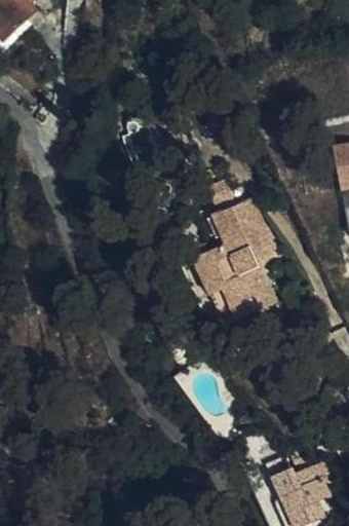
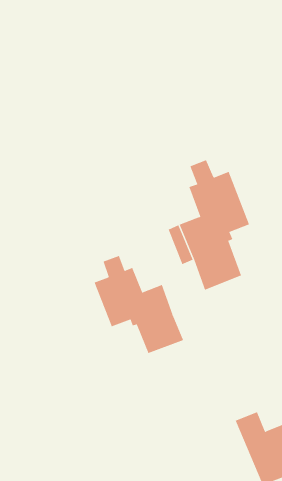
building: none -> [94,255,184,354]

